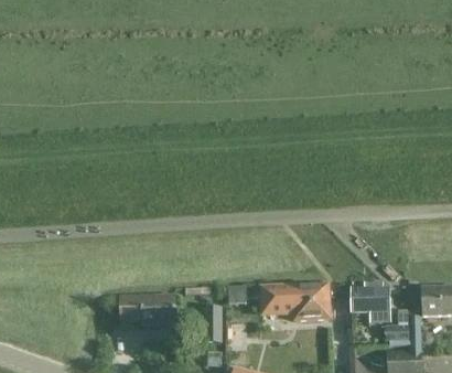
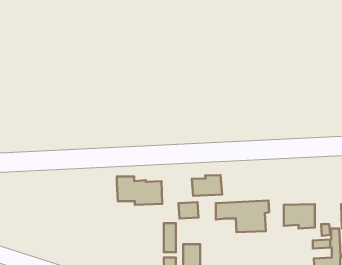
building: none -> [192,175,222,196]
building: [120,291,175,326] -> [117,176,162,205]

